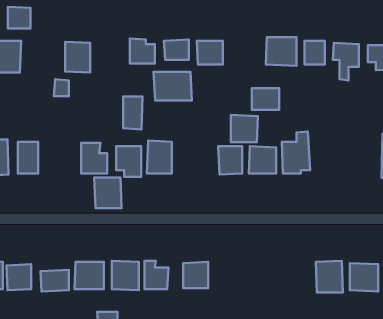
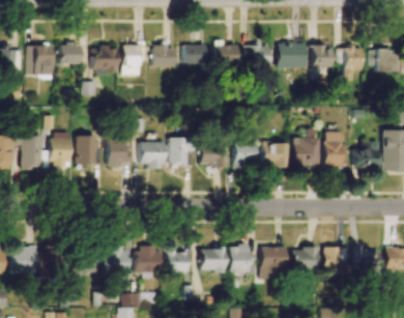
building: [8,7,31,28] -> [59,44,80,63]
building: [154,72,192,101] -> none
building: [252,88,279,110] -> [244,46,269,65]
building: [123,96,142,129] -> [123,46,141,76]
building: [231,115,258,142] -> [201,144,226,169]
building: none -> [324,132,349,168]
building: none -> [355,142,380,168]
building: [94,177,122,208] -> [76,136,100,164]
building: none -> [230,245,256,277]
building: none -> [261,247,286,278]
building: none -> [293,248,318,271]

